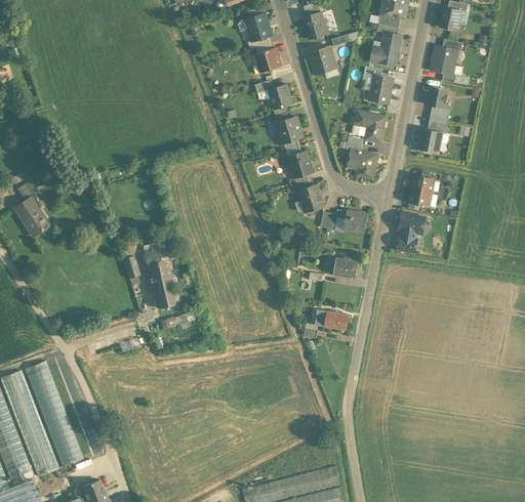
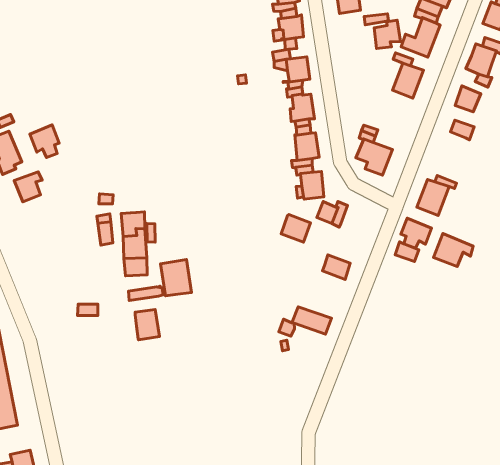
building: [311,46,336,75] -> [374,20,400,49]
building: [353,111,387,142] -> none
building: [418,128,442,154] -> none
building: none -> [30,125,59,157]
building: [344,210,368,233] -> [281,214,310,242]
building: none -> [434,233,473,267]
building: none -> [14,172,42,202]
building: none -> [160,260,191,296]
building: none -> [135,309,159,340]

